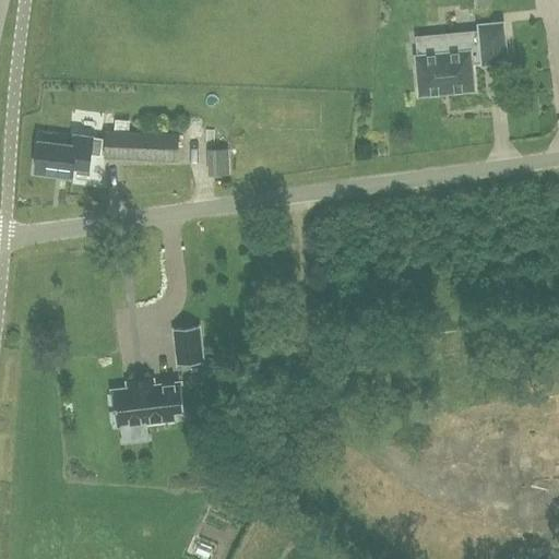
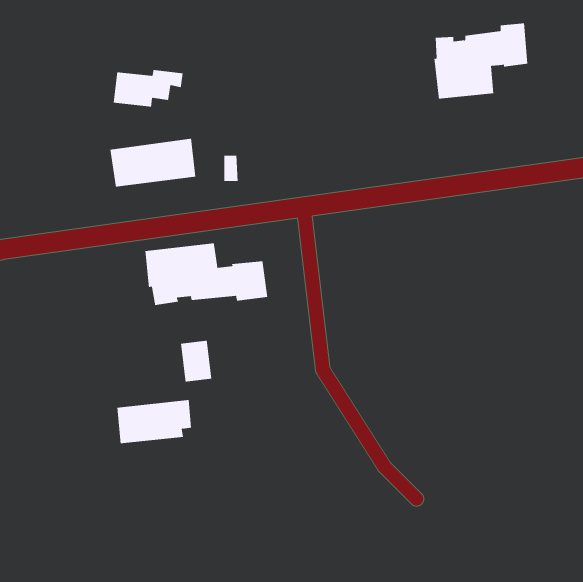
building: [35,139,103,175] -> [113,70,184,107]
building: none -> [145,242,268,306]

